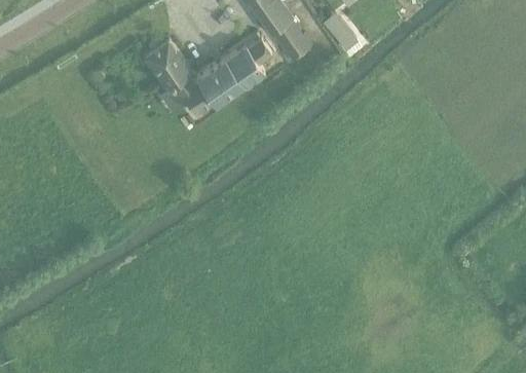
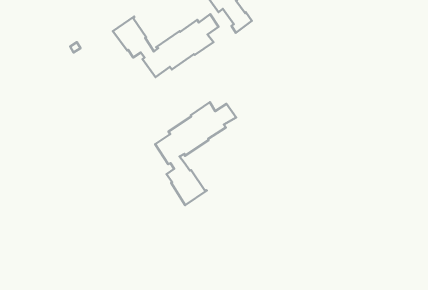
building: none -> [155,102,236,205]

